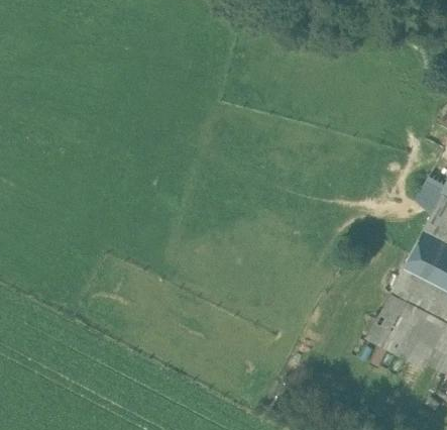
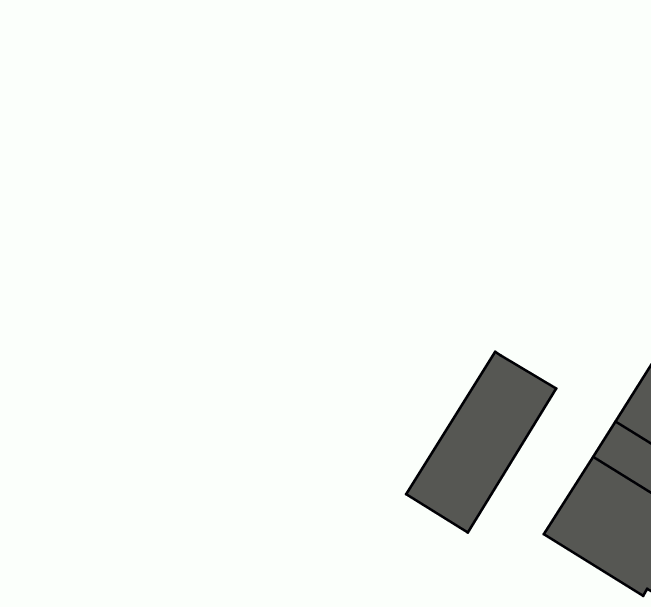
building: none -> [406,352,556,532]

